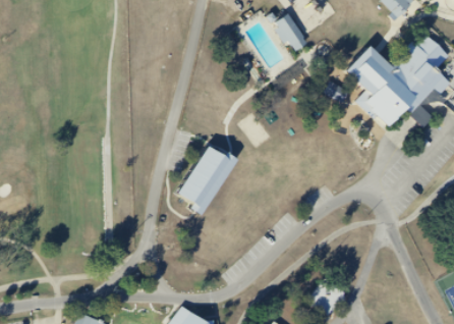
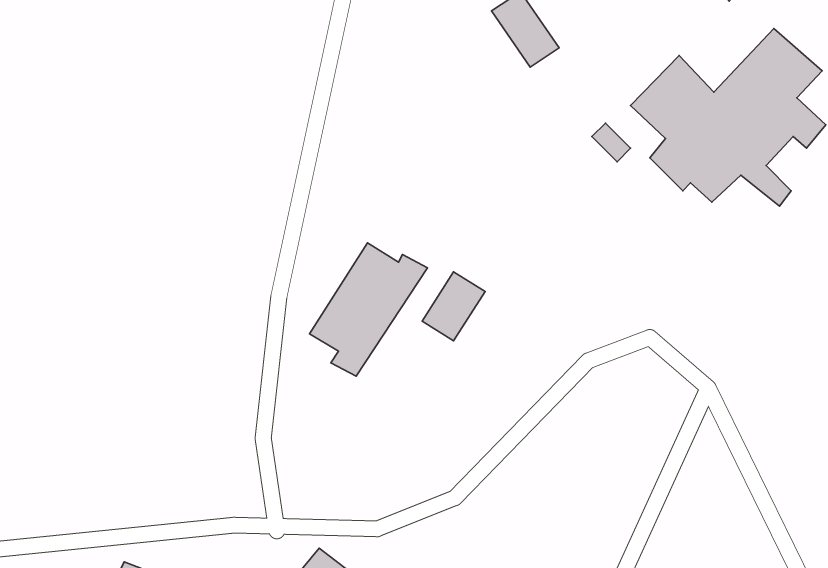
building: none -> [422,272,485,341]

